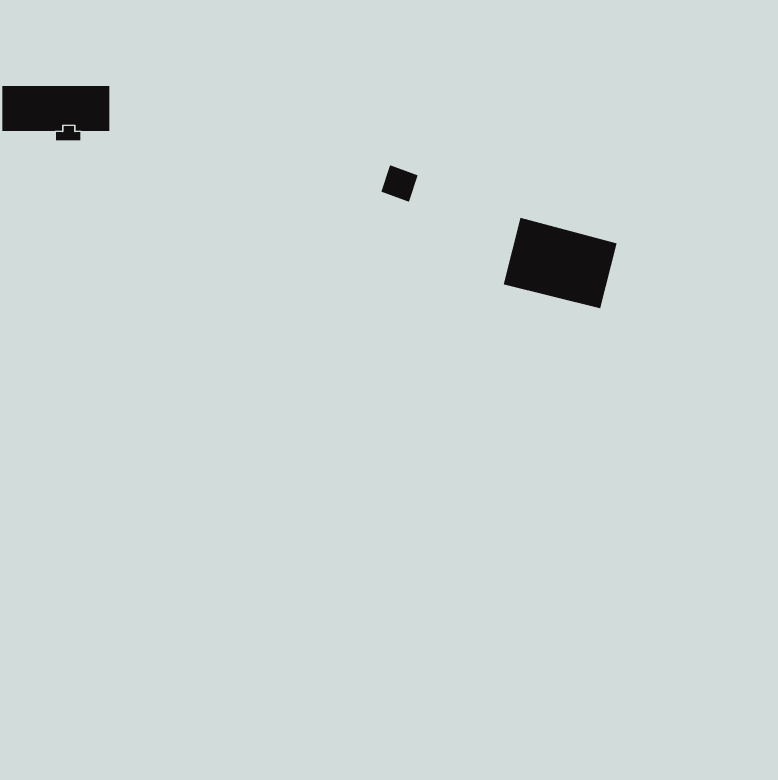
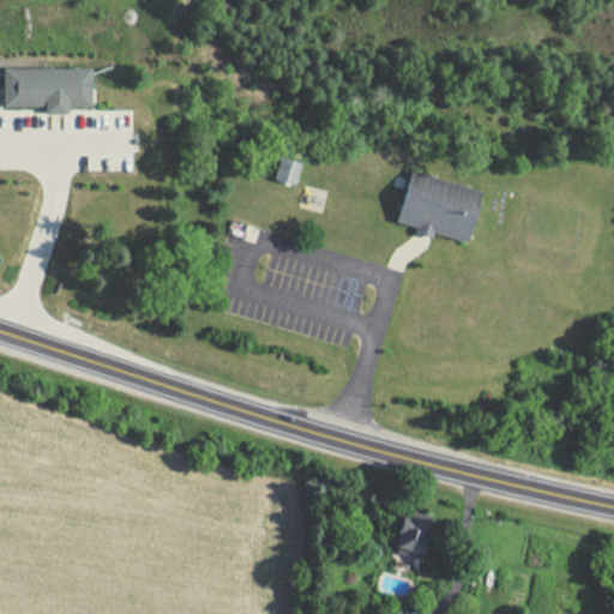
building: [380,164,419,203] -> [273,157,303,187]
building: none -> [398,518,432,553]

